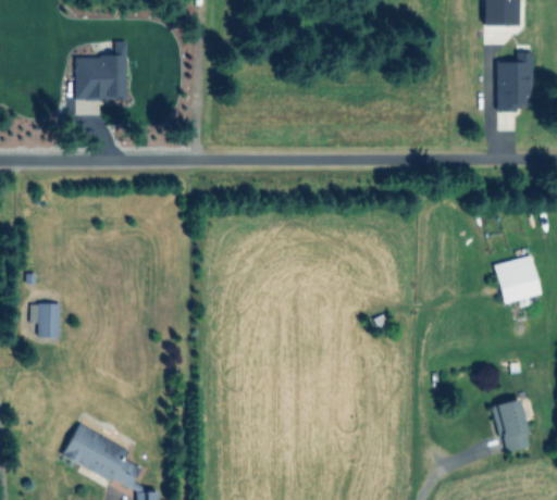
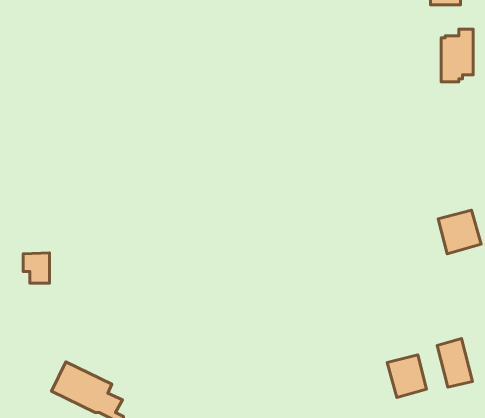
building: [75,42,127,101] -> none
building: none -> [387,355,426,397]

